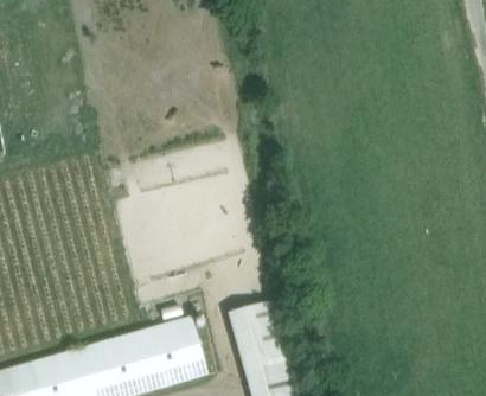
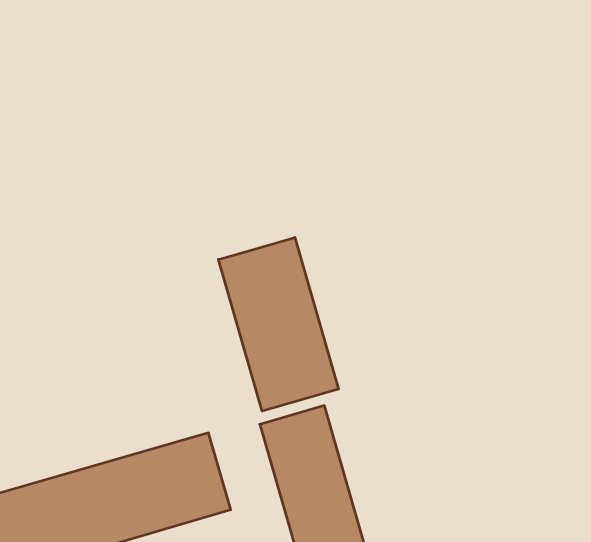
building: none -> [218,237,339,411]

